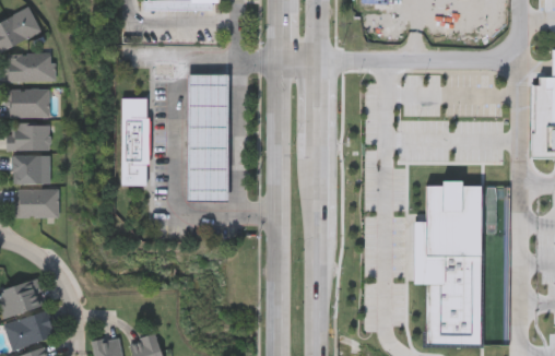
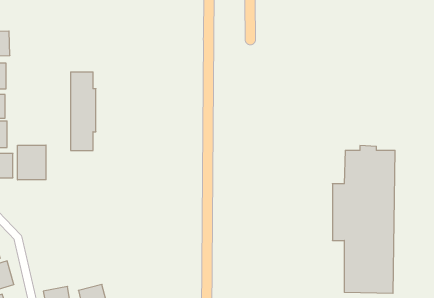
building: [187,74,228,202] -> none
building: none -> [18,145,46,180]

